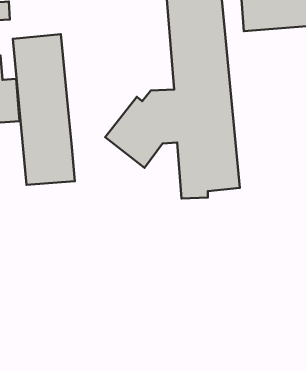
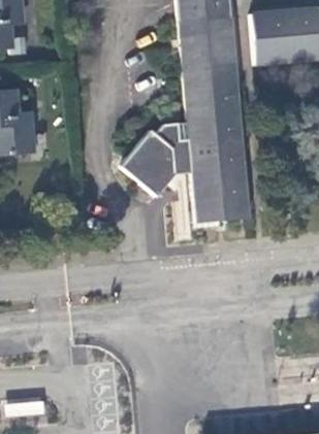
building: [13,34,75,185] -> none

